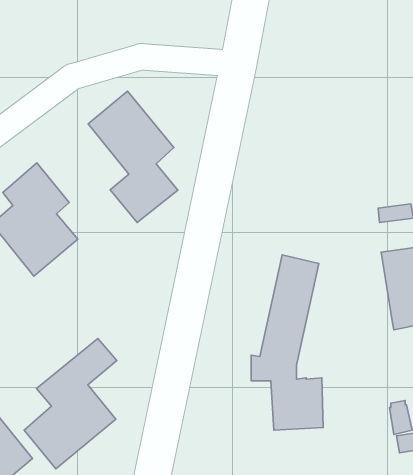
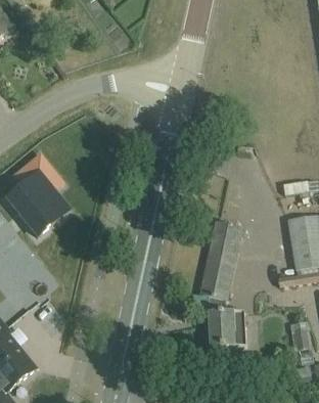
building: [88,91,178,222] -> none
building: [24,339,117,469] -> none

